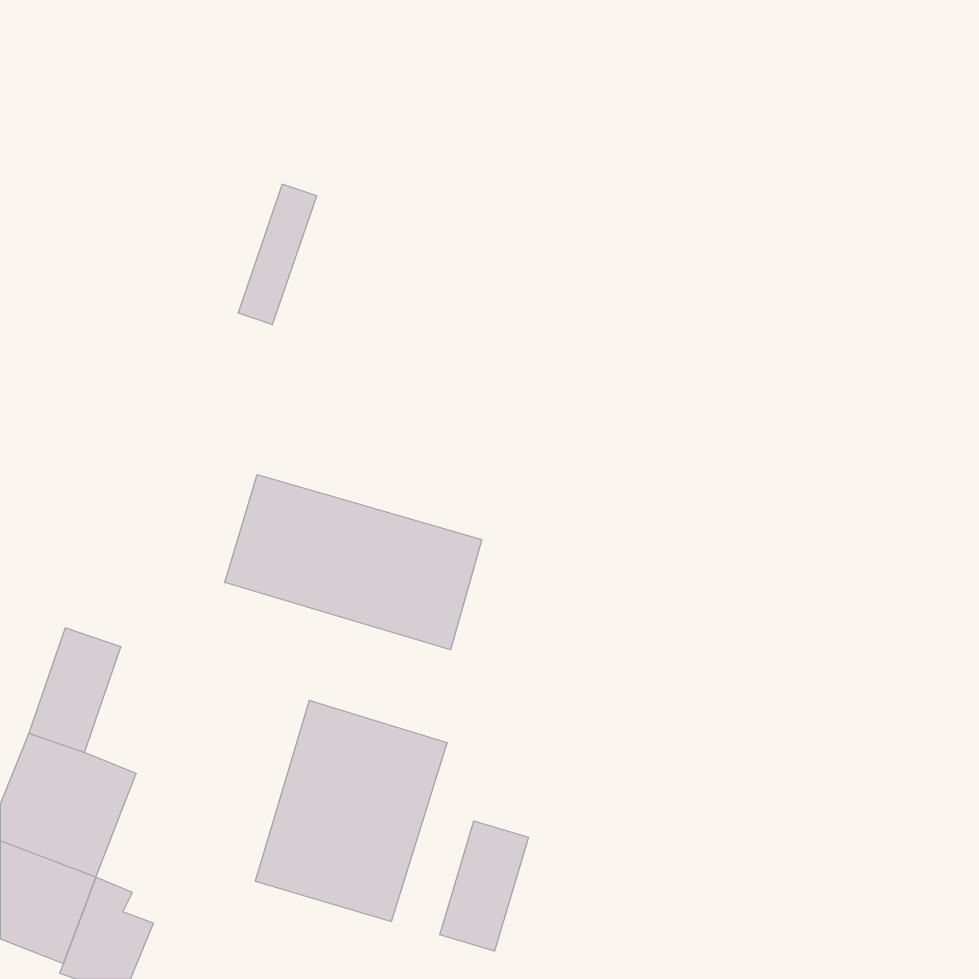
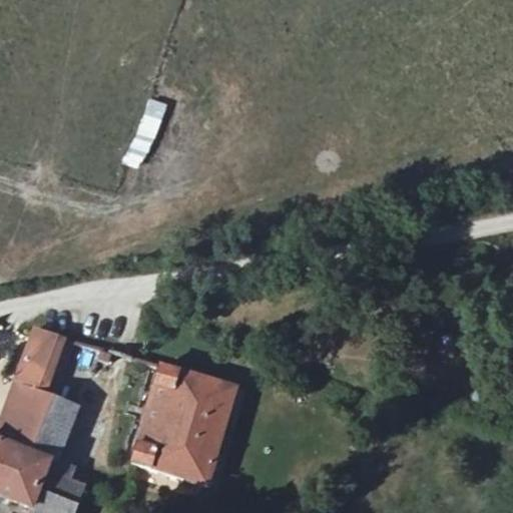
building: [225,475,482,650] -> none
building: [440,821,529,951] -> none

